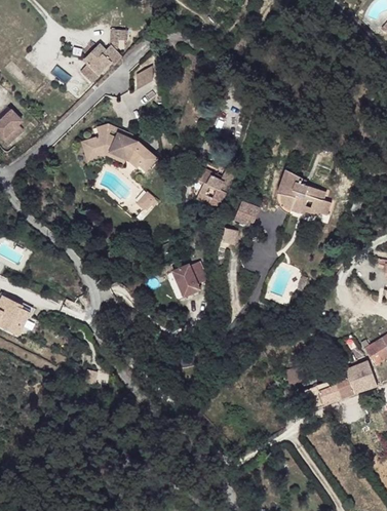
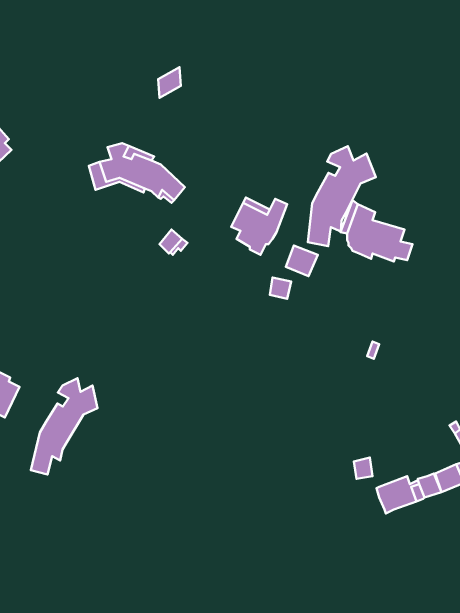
building: [80,29,126,83] -> none
building: none -> [308,146,376,246]
building: [170,259,208,299] -> none
building: none -> [31,378,98,474]

